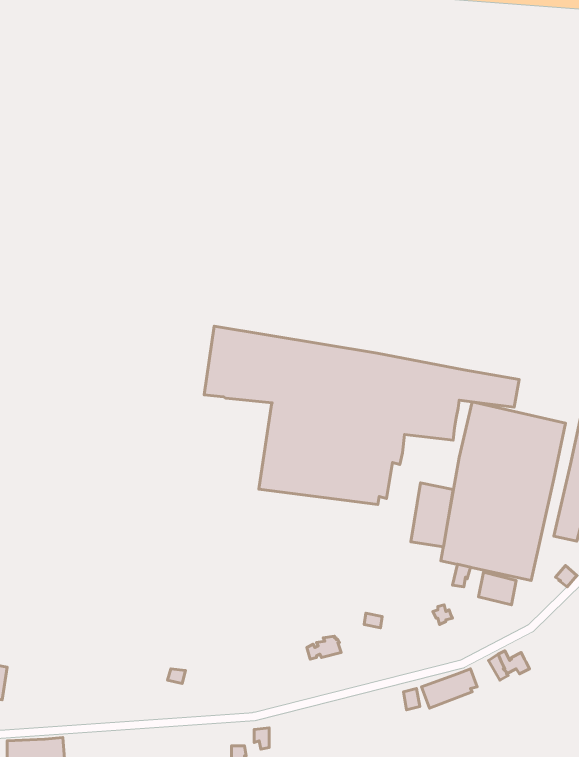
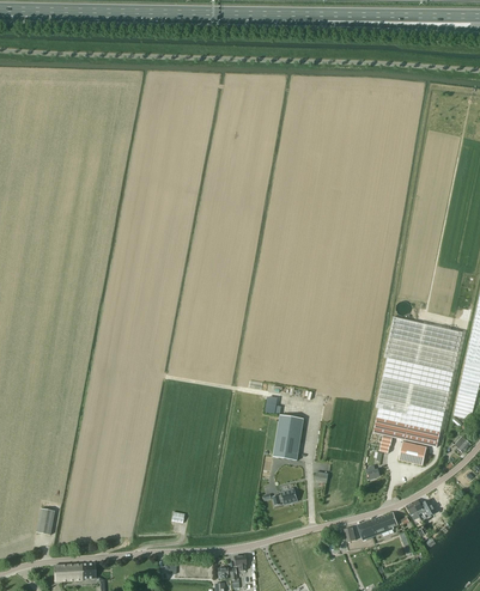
building: [204,326,519,504] -> none
building: [411,483,453,547] -> [272,414,303,461]

